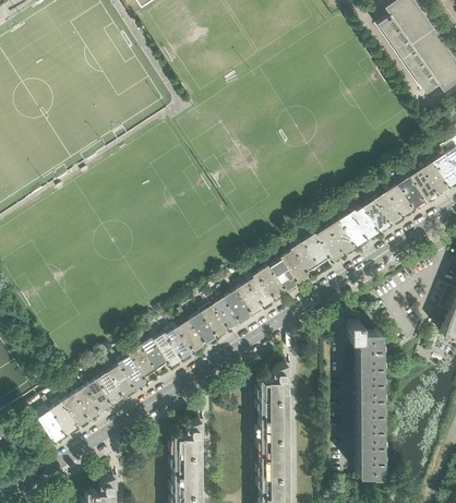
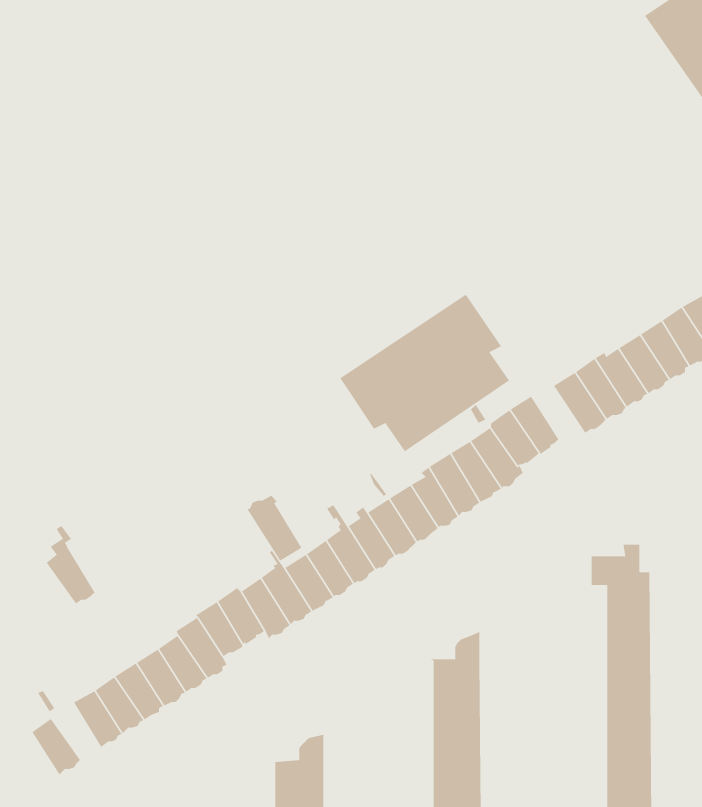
building: none -> [340,294,510,452]
building: [314,228,345,263] -> none
building: none -> [247,495,302,561]
building: [50,391,77,434] -> [46,525,95,604]

